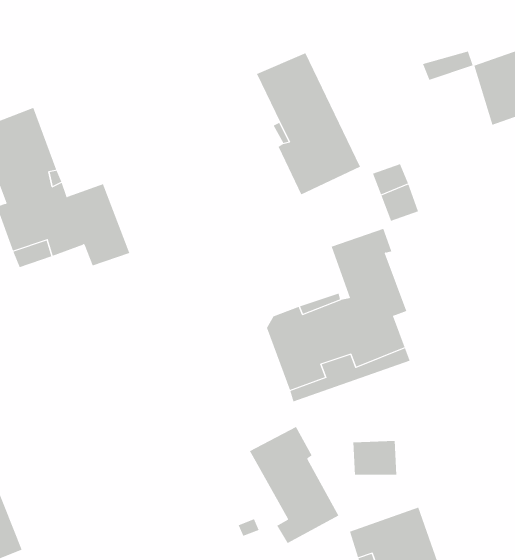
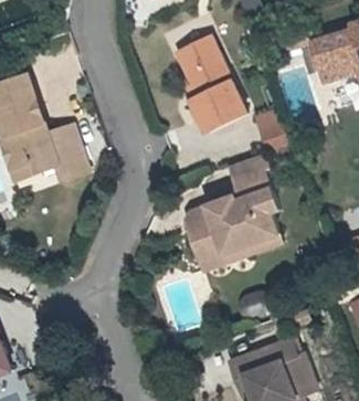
building: [249,426,339,544] -> none

